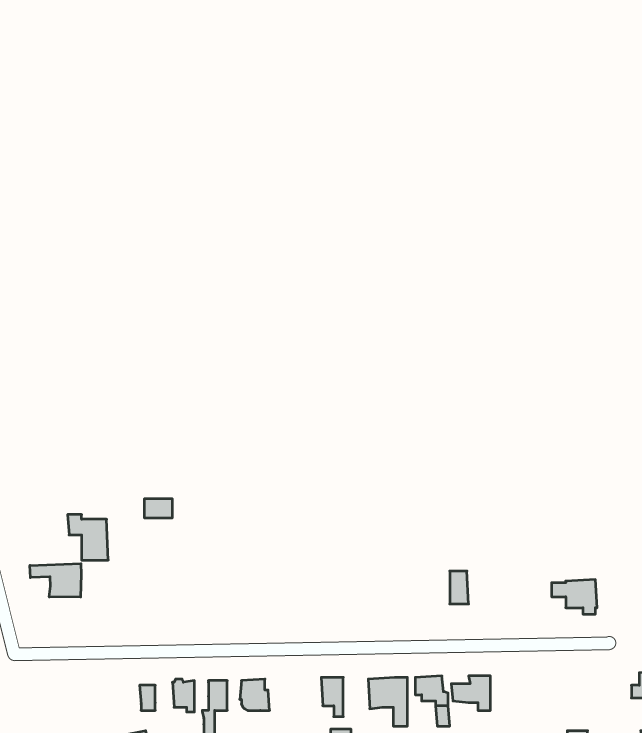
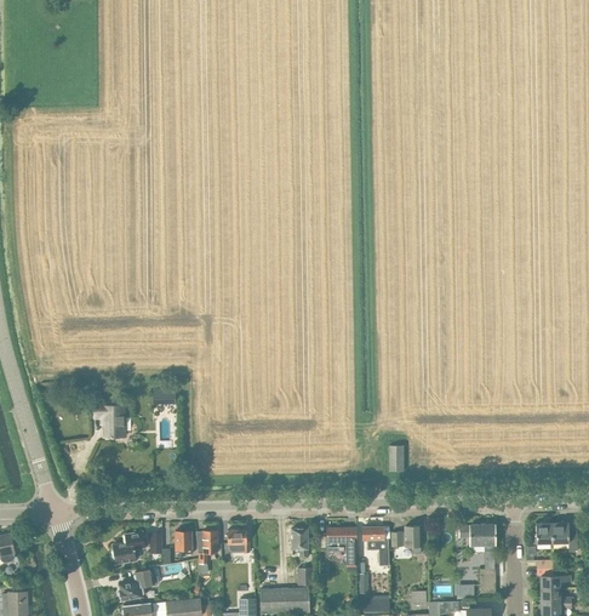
building: [30,564,81,597] -> none
building: [552,580,597,614] -> [459,524,494,551]
building: none -> [111,531,145,563]

